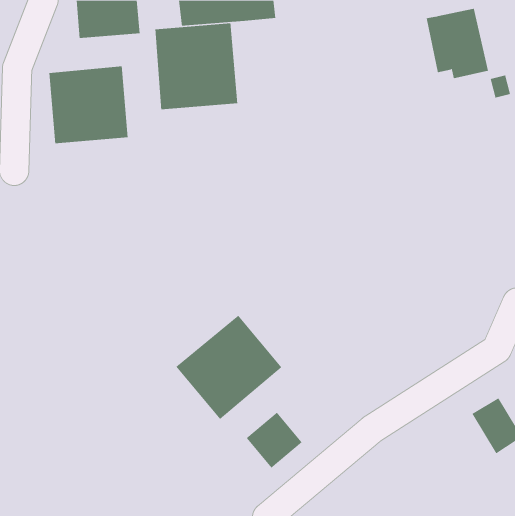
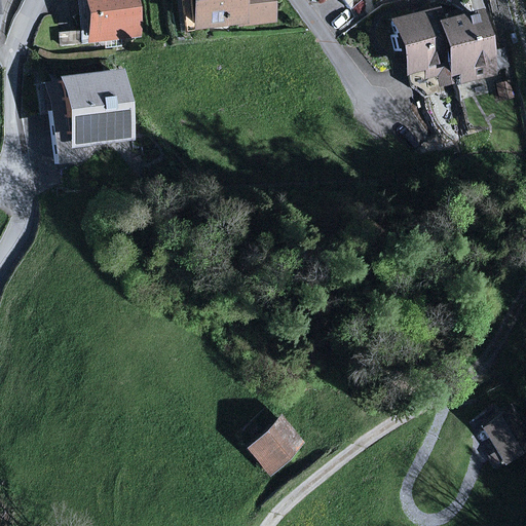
building: none -> [390,5,462,85]
building: [155,22,238,110] -> none
building: [175,315,282,420] -> none

